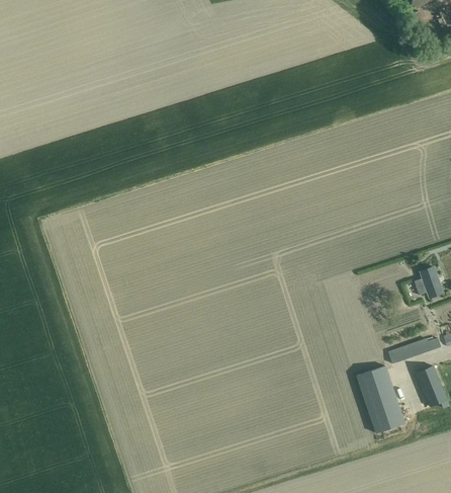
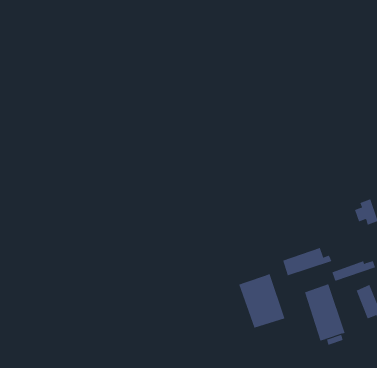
building: none -> [283,247,332,276]
building: none -> [239,273,285,329]

